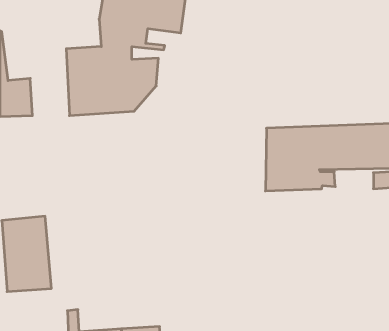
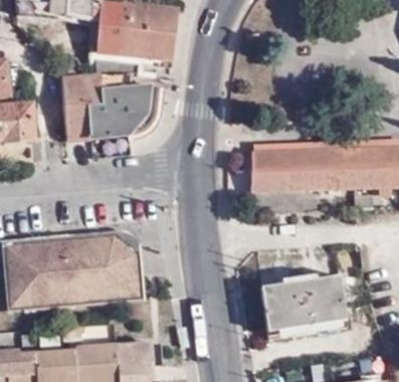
building: none -> [43,229,143,304]
building: none -> [259,275,349,340]

